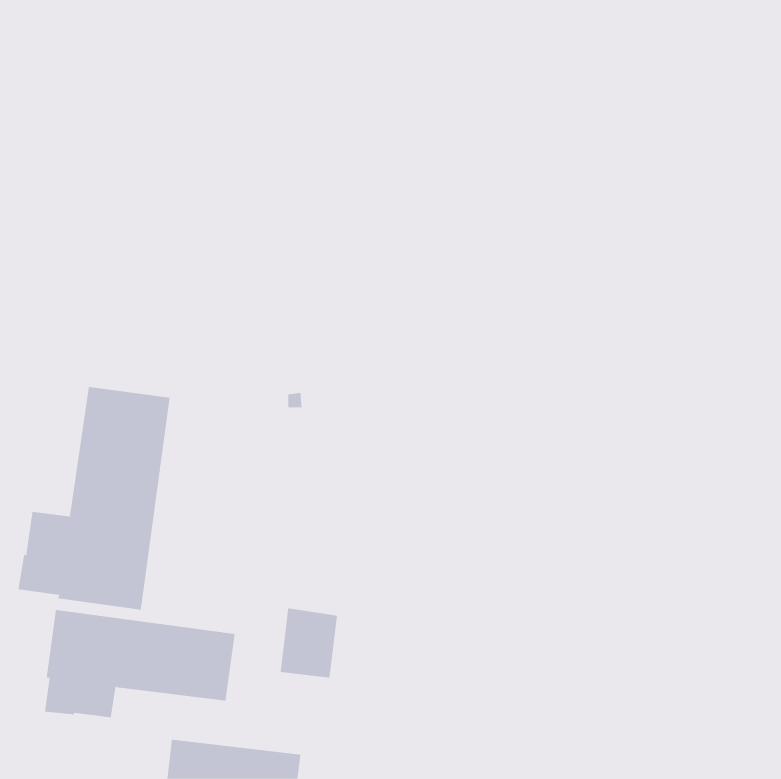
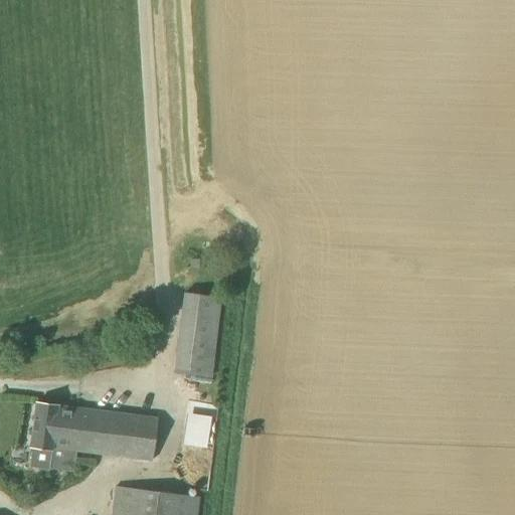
building: [18,386,170,610] -> none
building: none -> [174,293,221,376]

